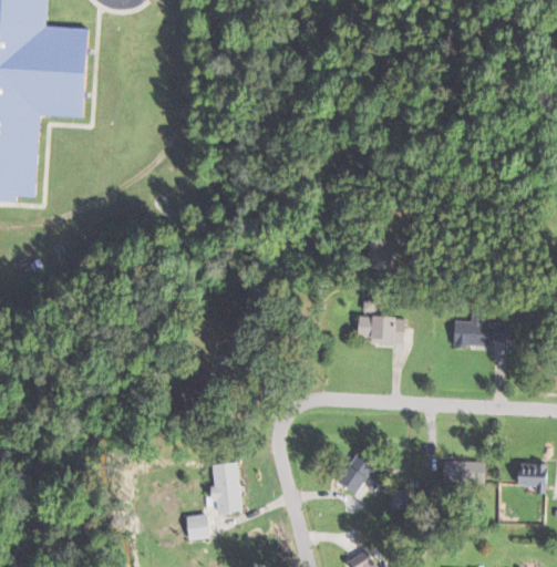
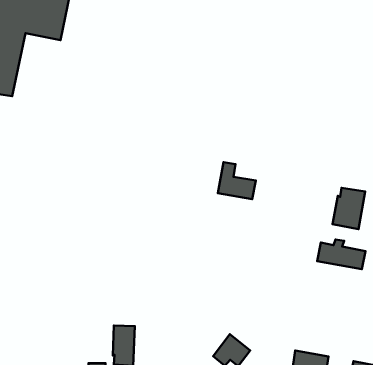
building: none -> [333,188,365,229]
building: [358,300,403,341] -> [218,162,256,199]

